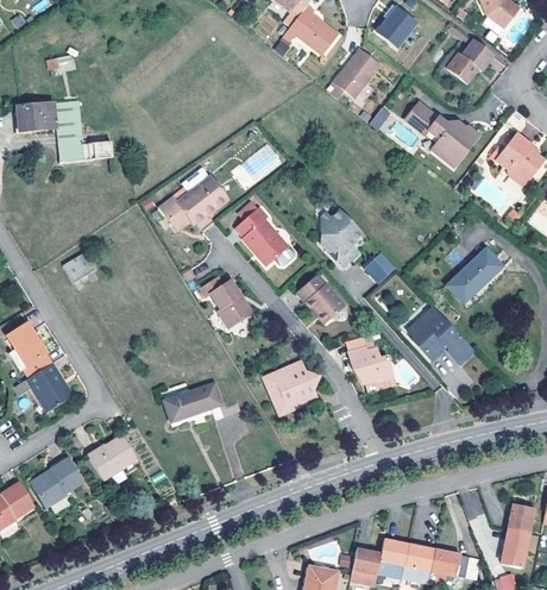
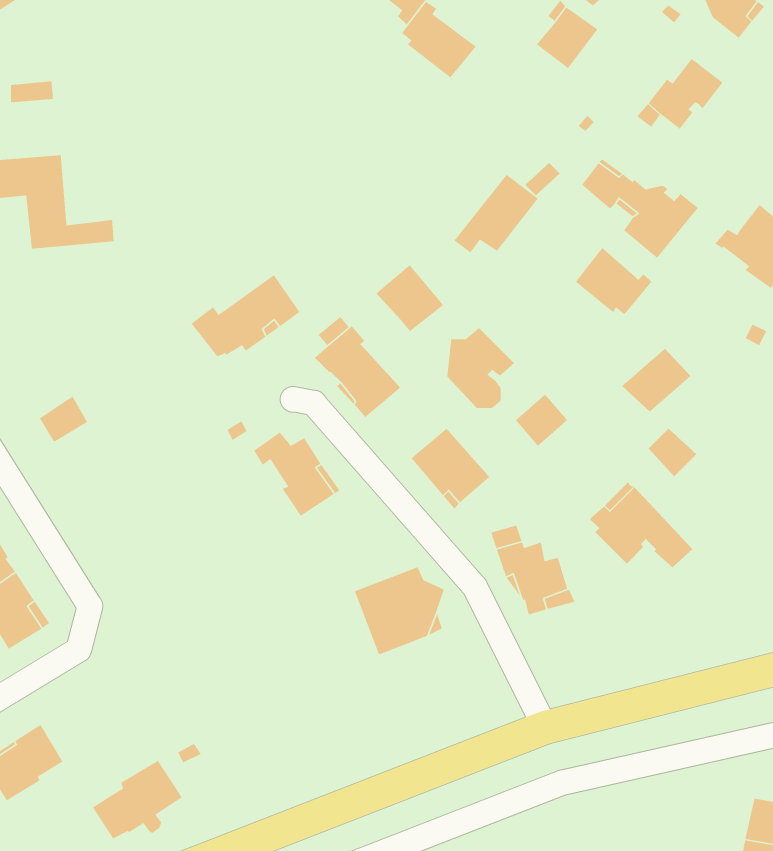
building: [326,49,379,99] -> [453,174,539,254]
building: none -> [575,247,652,315]
building: none -> [375,264,444,332]
building: [459,249,503,289] -> [621,348,692,412]
building: [164,382,222,422] -> none
building: [80,433,137,483] -> [92,760,183,839]

